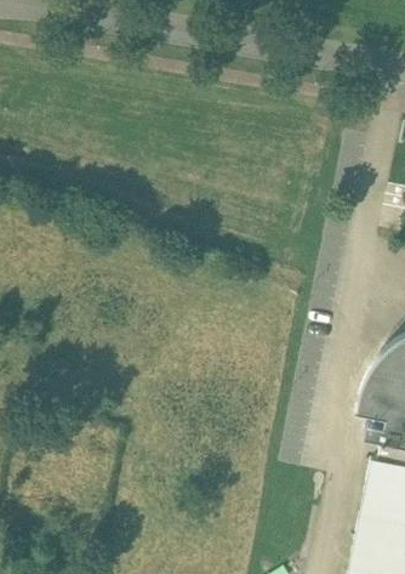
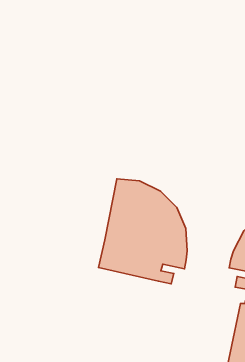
building: none -> [99,179,187,284]

